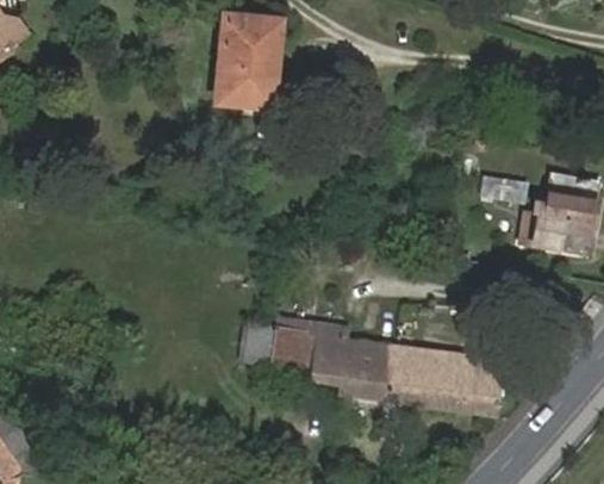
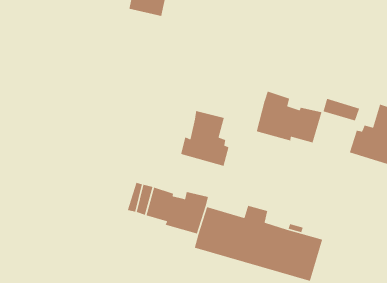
building: none -> [256,90,322,143]
building: none -> [180,110,229,167]

